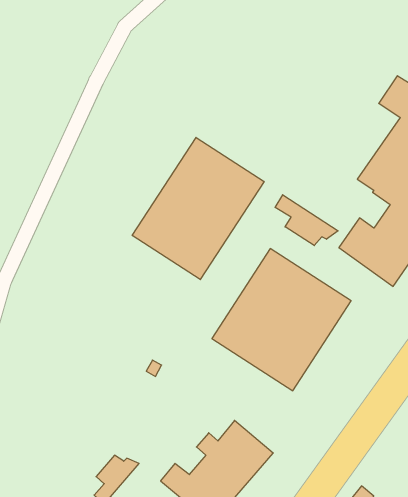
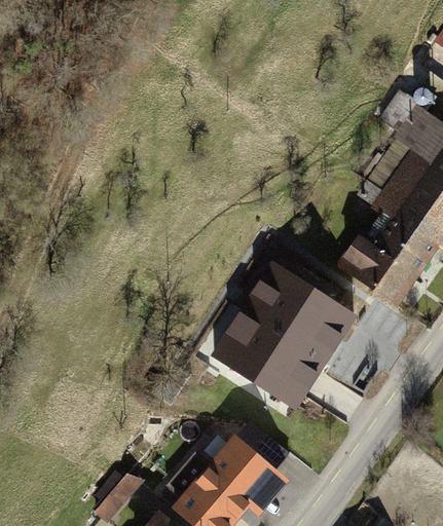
building: [132,137,264,280] -> none
building: [275,195,338,246] -> none

